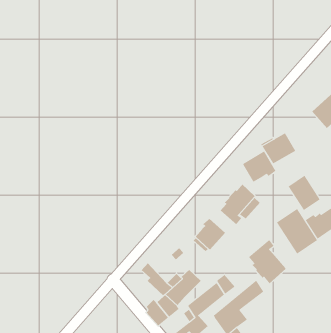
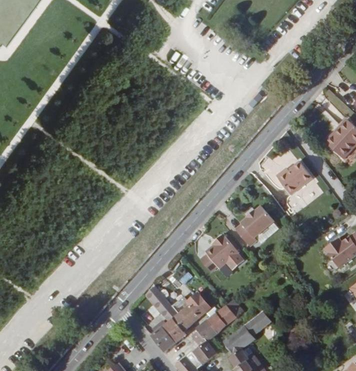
building: [242,151,276,183] -> none
building: [288,175,321,211] -> none
building: [276,208,318,254] -> none
building: [248,239,287,284] -> none

